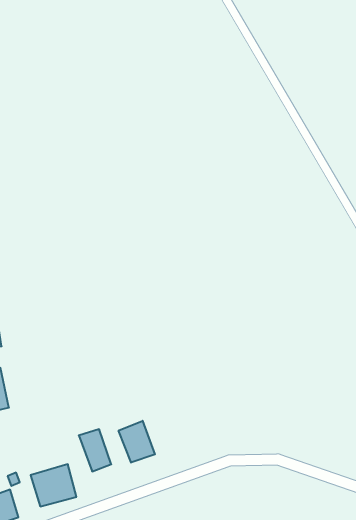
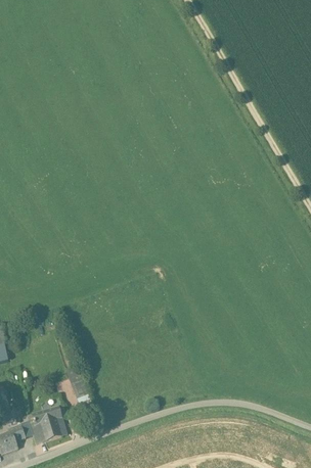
building: [119,421,155,463] -> none

